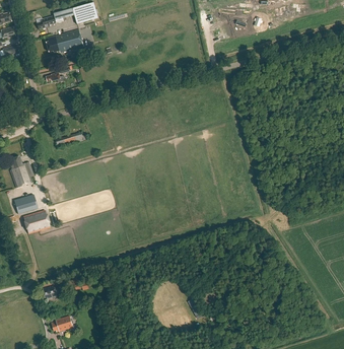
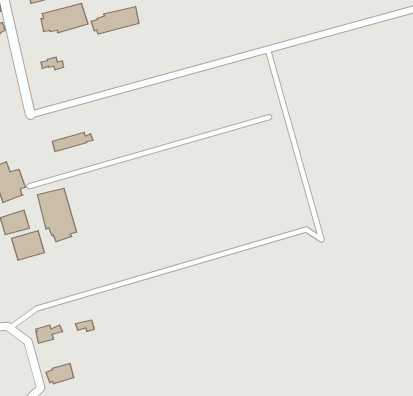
building: none -> [91,6,139,34]
building: none -> [38,188,77,242]

